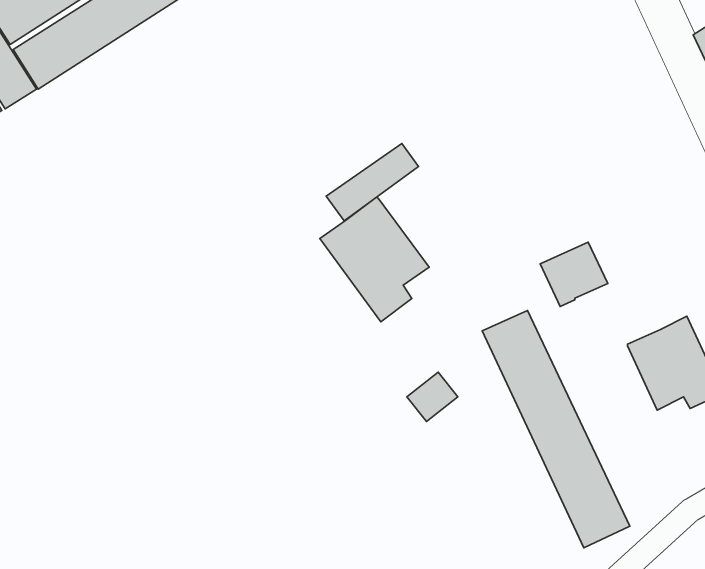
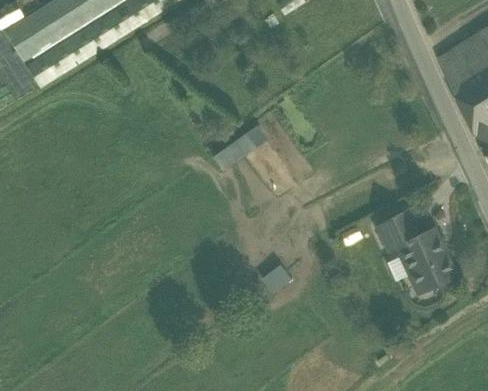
building: [320,197,429,322] -> none
building: [540,242,608,307] -> [379,210,420,249]
building: [482,310,630,548] -> none

